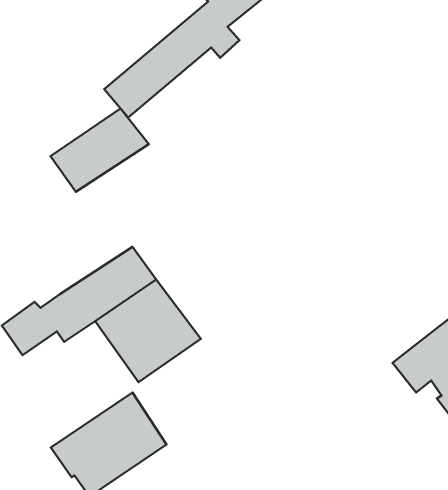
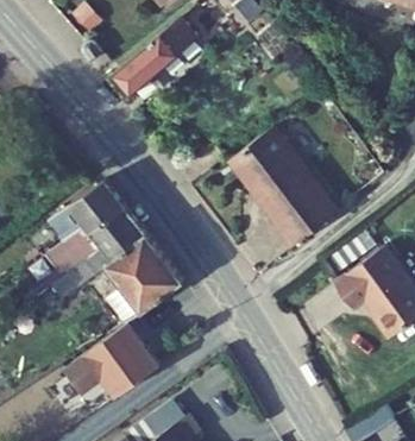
building: [51,108,149,192] -> [48,174,126,240]
building: none -> [222,141,335,262]

